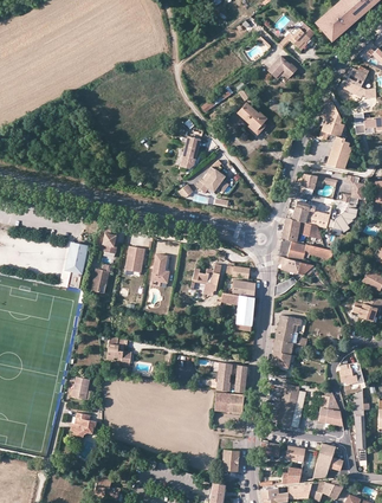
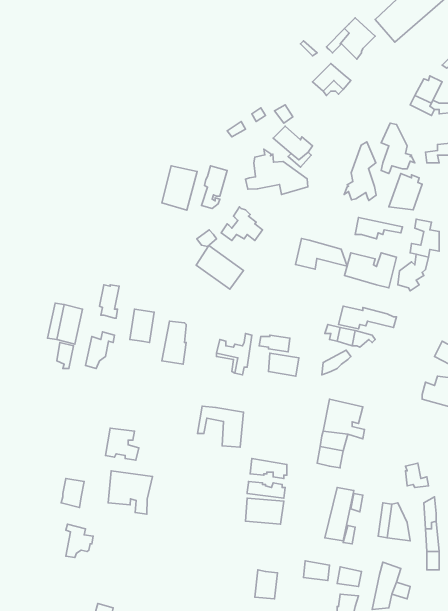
building: none -> [344,142,376,201]
building: none -> [246,149,308,194]
building: none -> [162,166,197,210]
building: none -> [196,246,244,289]
building: [281,218,322,241] -> [295,239,347,269]
building: [219,292,254,324] -> [198,406,243,447]
building: none -> [108,471,152,514]

